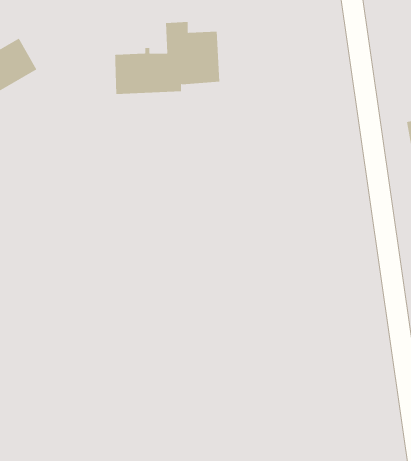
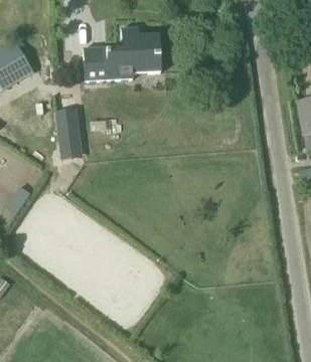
building: none -> [57,109,83,151]

